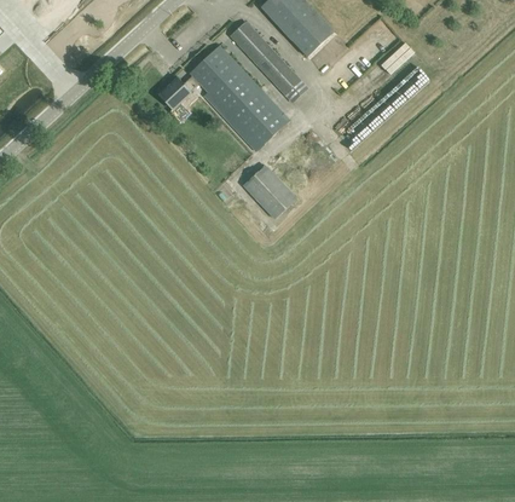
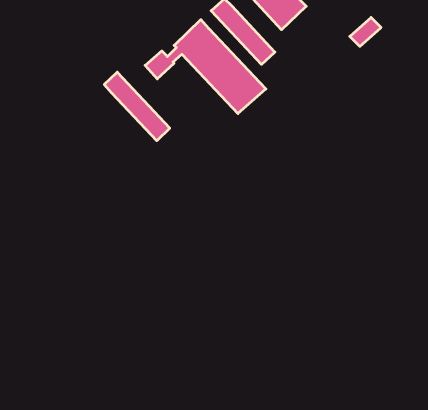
building: none -> [104,72,170,141]
building: [242,165,295,219] -> none

